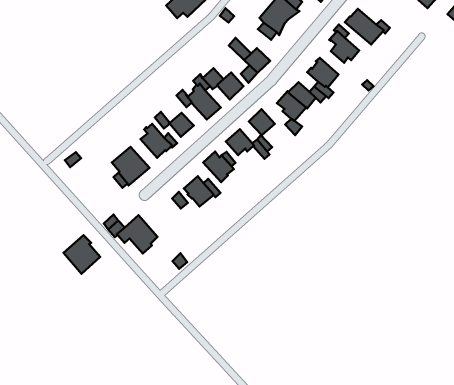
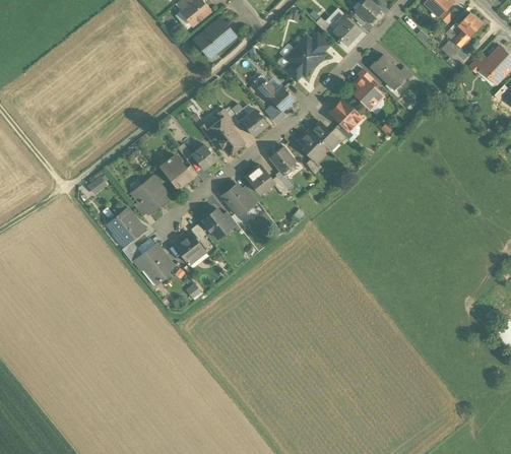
building: none -> [175,233,204,263]
building: [64,235,100,274] -> [107,207,142,245]

